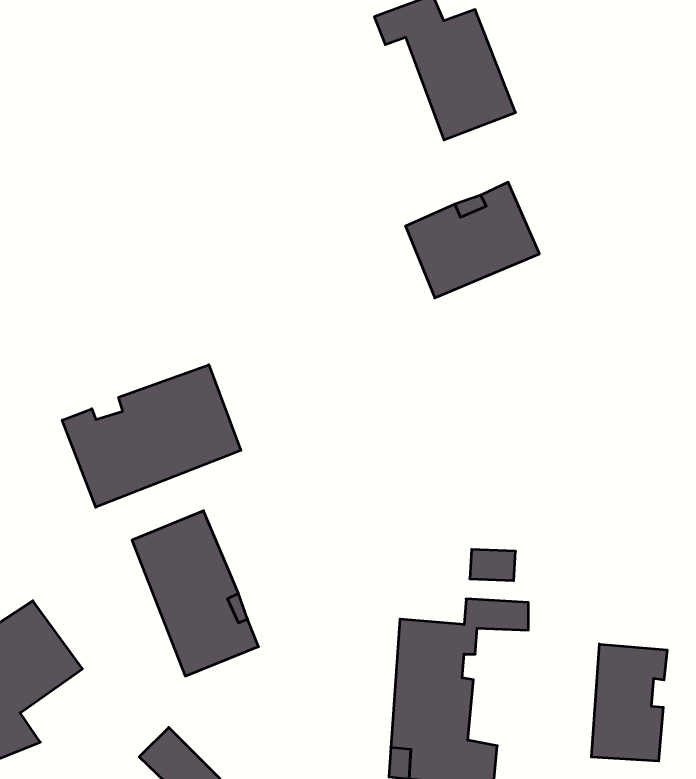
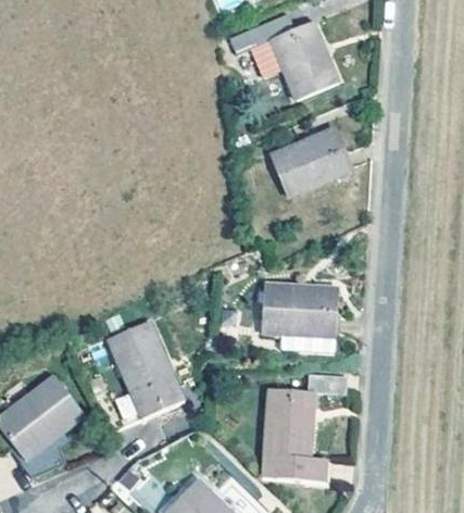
building: [62,365,241,507] -> none
building: none -> [261,283,337,336]
building: [591,644,667,761] -> none

